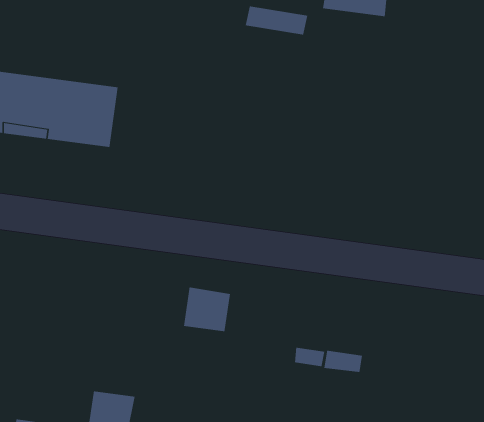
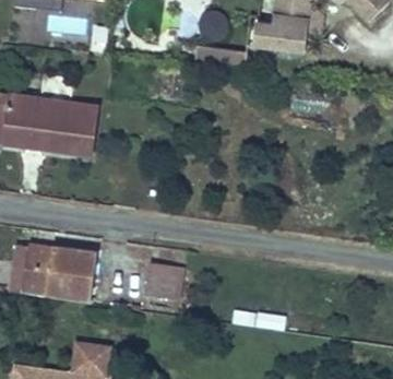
building: none -> [10,244,97,303]

